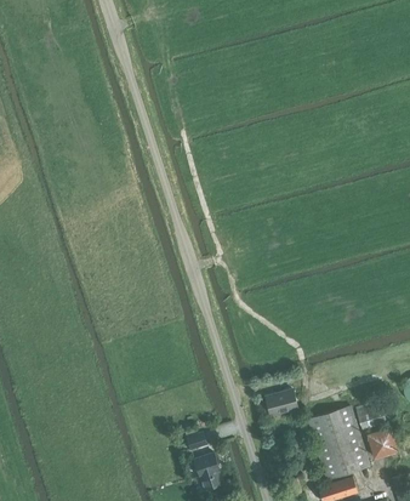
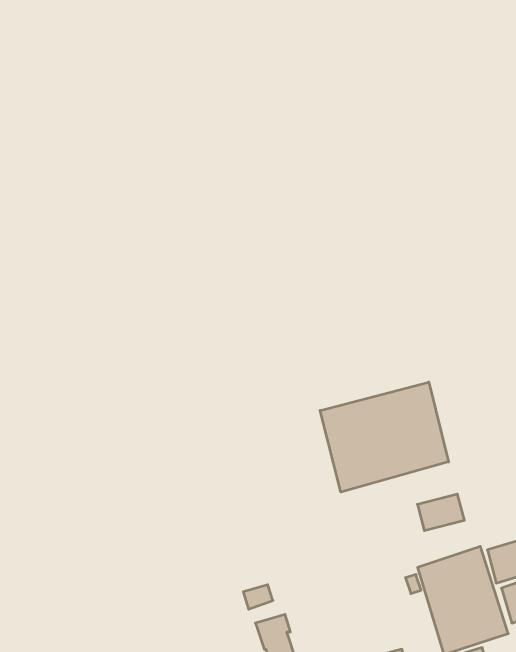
building: none -> [320,382,449,492]
building: [264,391,297,416] -> [417,494,464,531]

